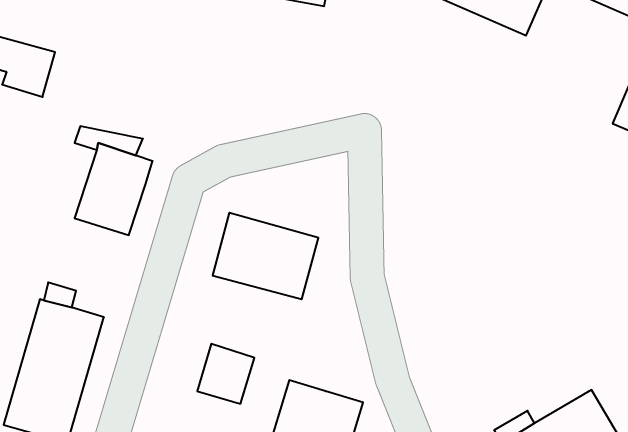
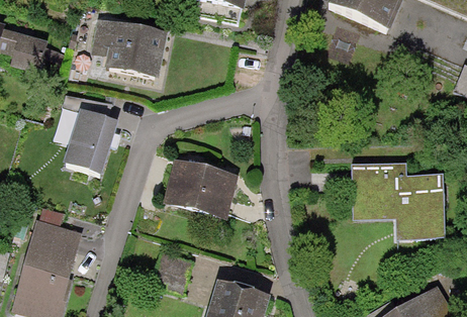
building: none -> [90,17,167,76]
building: none -> [350,163,445,239]

